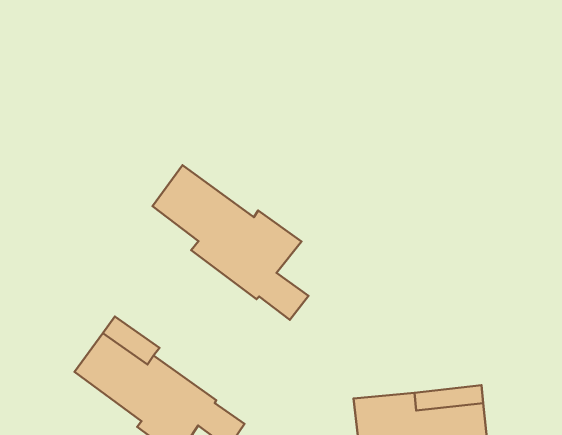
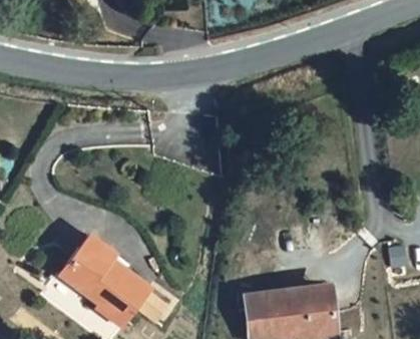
building: [152,165,309,320] -> none

